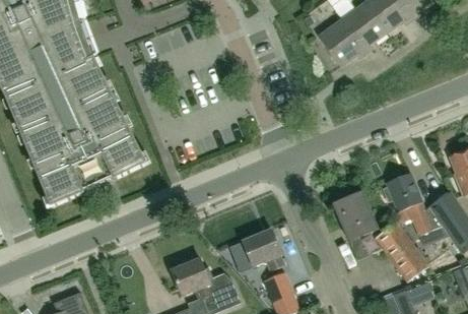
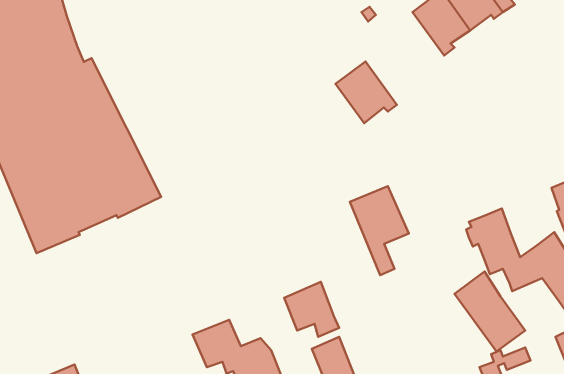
building: [318,19,365,67] -> [335,62,397,123]
building: [332,191,378,260] -> [350,186,409,275]

